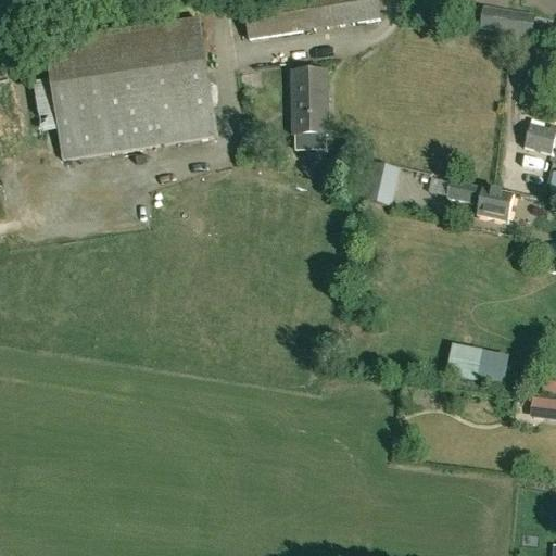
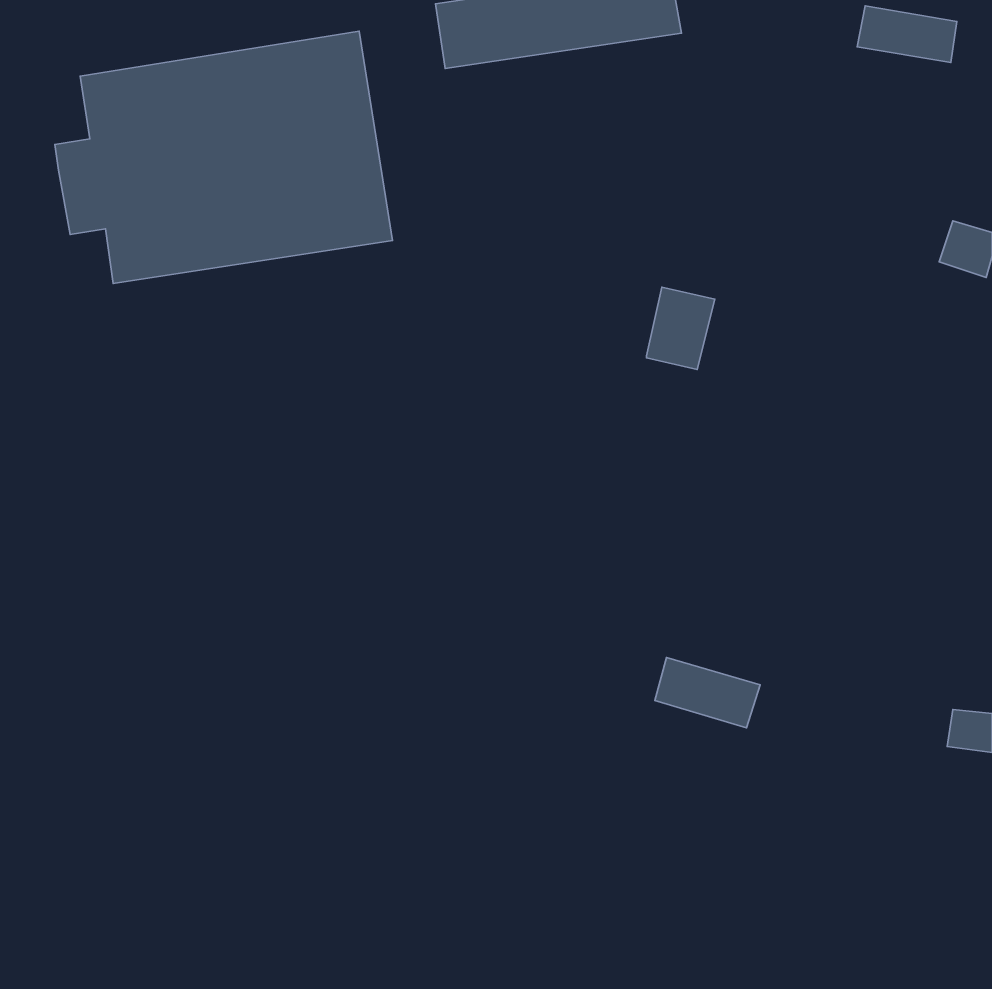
building: [291,70,328,149] -> none
building: [446,179,513,220] -> none
building: [455,346,514,386] -> [655,658,760,728]

